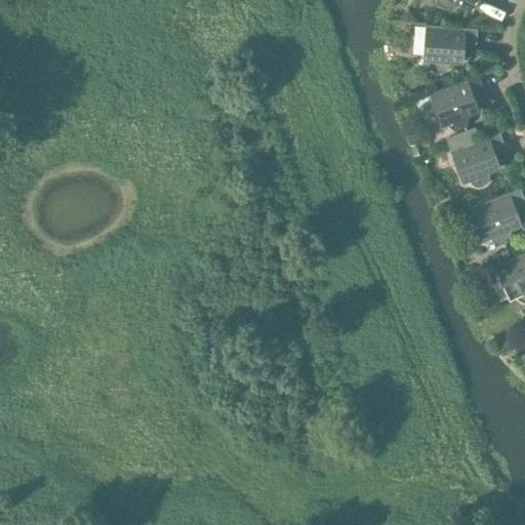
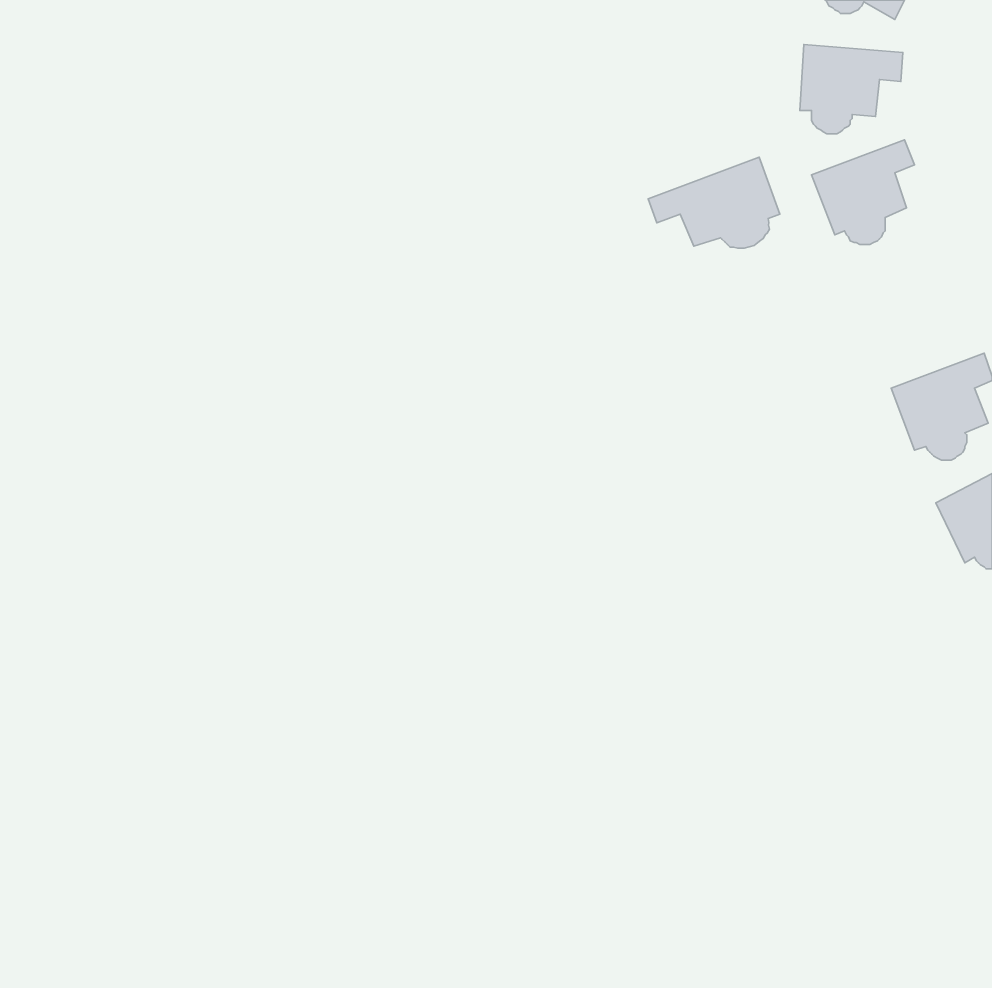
building: none -> [648,157,780,248]
building: [450,132,504,189] -> none

